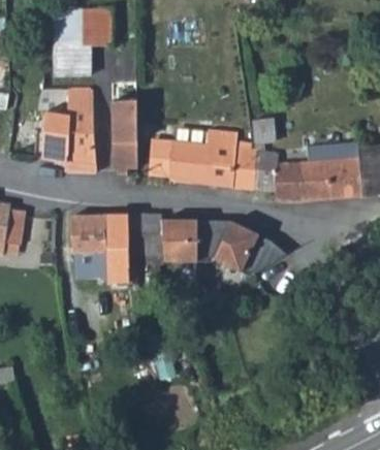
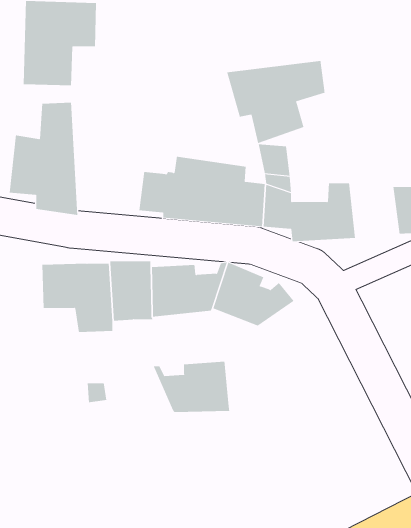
building: none -> [227,60,325,144]
building: [112,101,136,178] -> none
building: [321,147,361,196] -> none
building: none -> [153,361,230,413]

